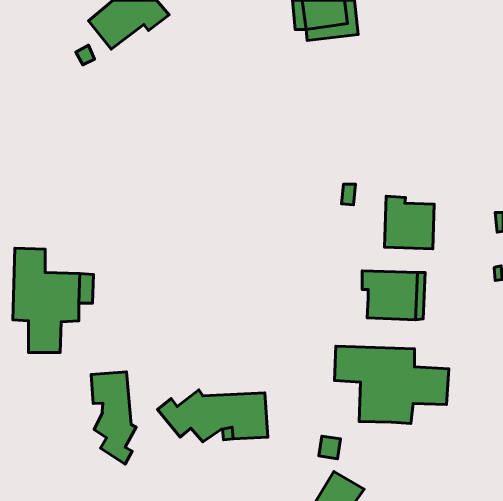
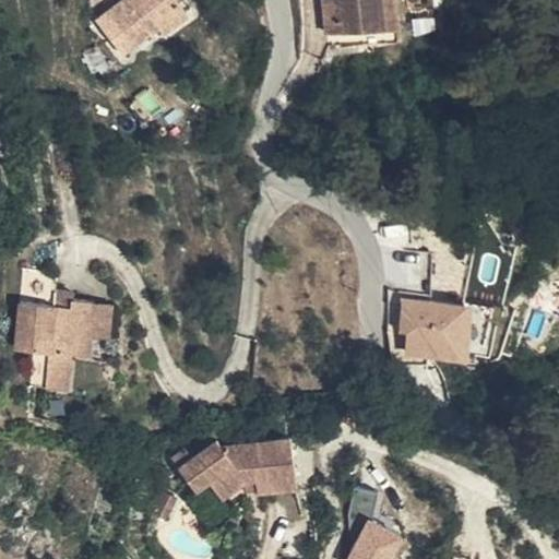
building: [384,196,434,249] -> none
building: [335,346,449,424] -> none
building: [91,372,136,464] -> none

